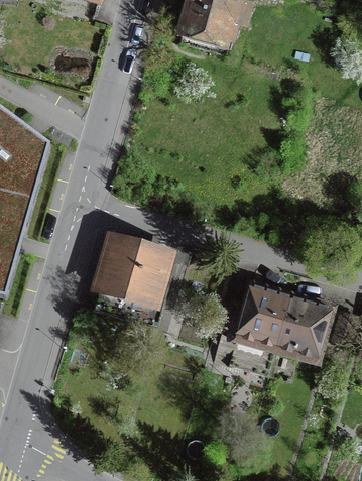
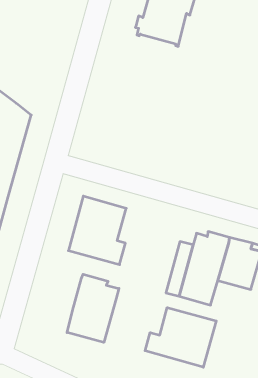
building: none -> [67,274,119,342]
building: none -> [145,308,216,367]

